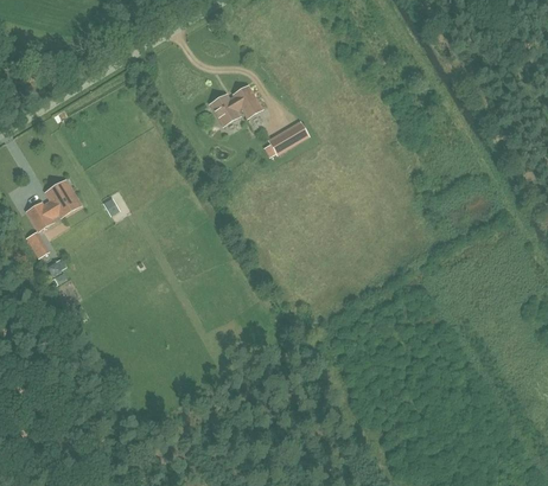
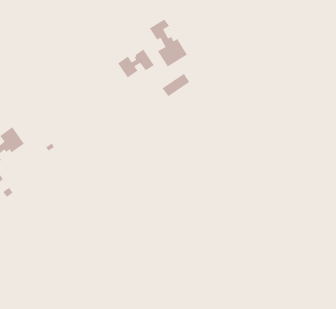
building: none -> [149,19,188,68]

